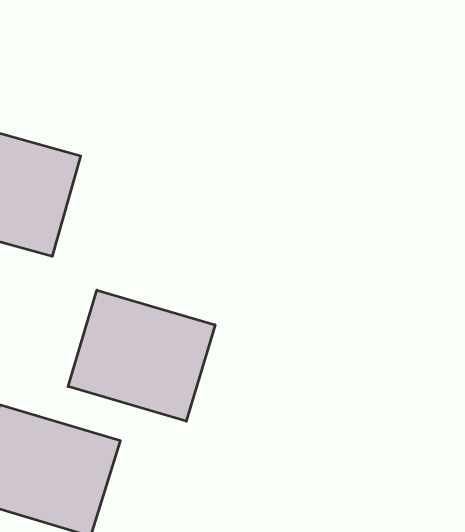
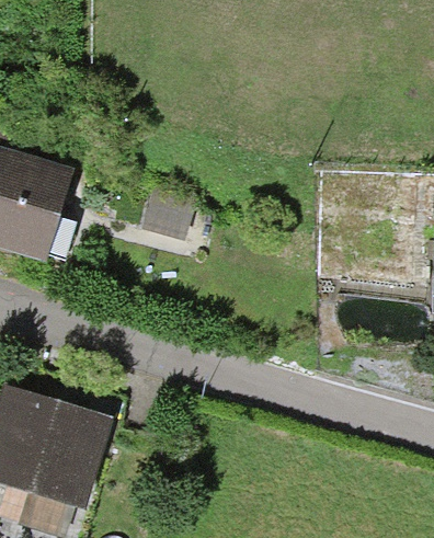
building: [68,290,215,421] -> none

